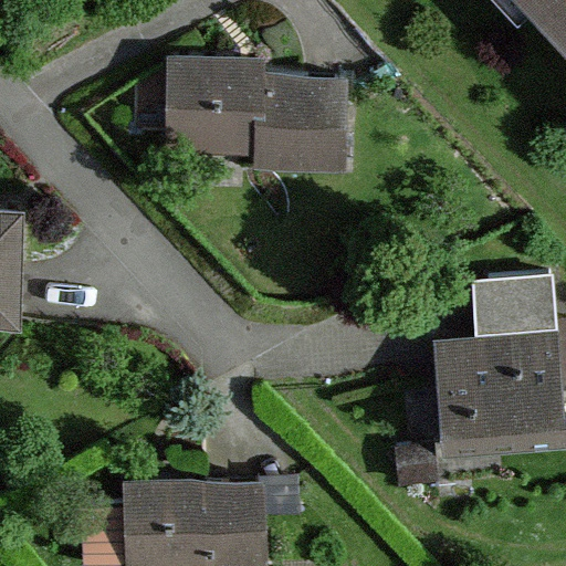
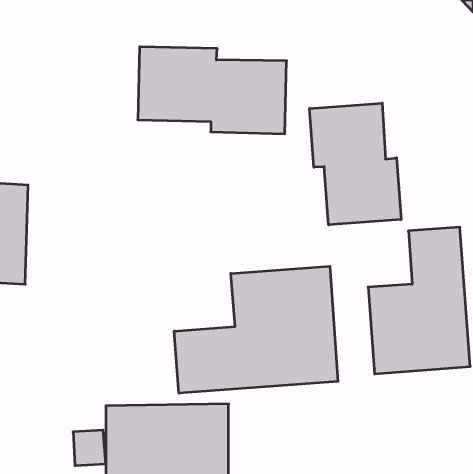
building: none -> [310,103,401,225]
building: none -> [174,266,338,393]

